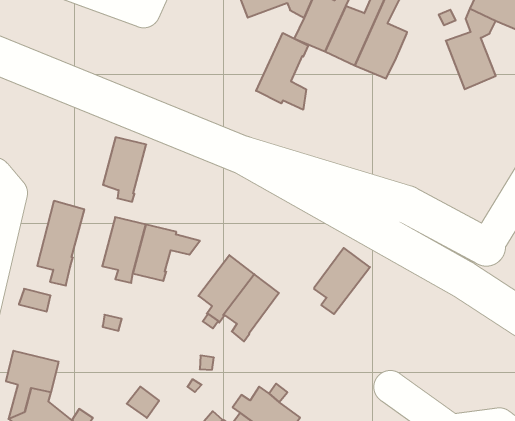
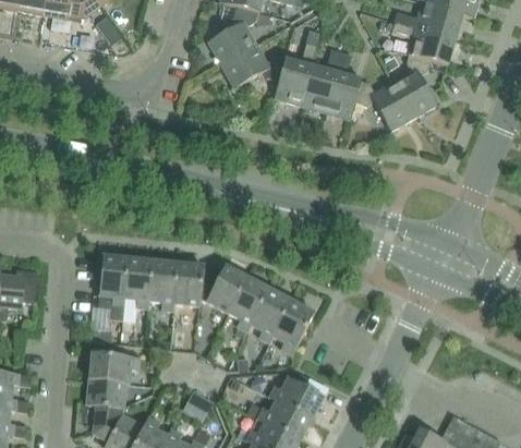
building: [256,33,308,110] -> none
building: none -> [355,81,413,131]
building: [103,137,146,202] -> [123,258,153,307]
building: none -> [198,265,247,313]
building: [314,248,370,314] -> [272,301,314,354]
building: none -> [88,352,138,383]

